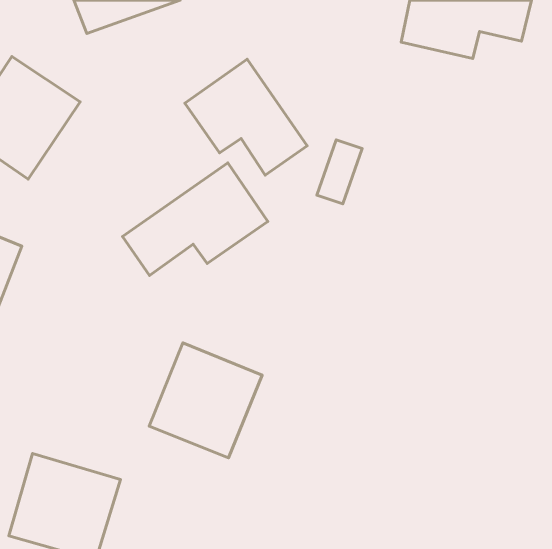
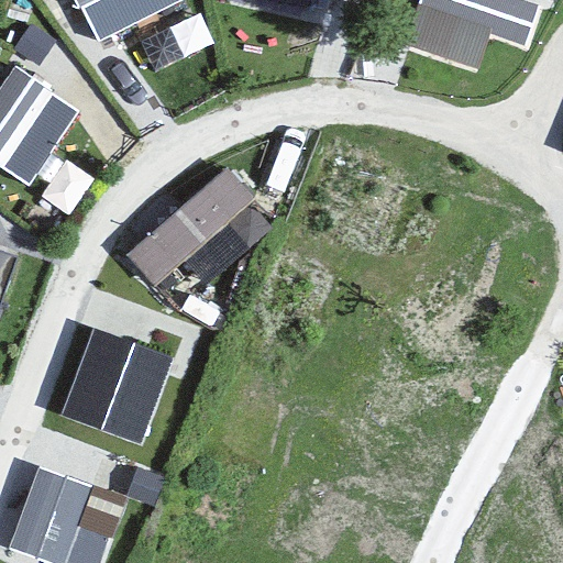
building: [185,59,307,175] -> none
building: [149,343,262,458] -> [59,325,174,442]

